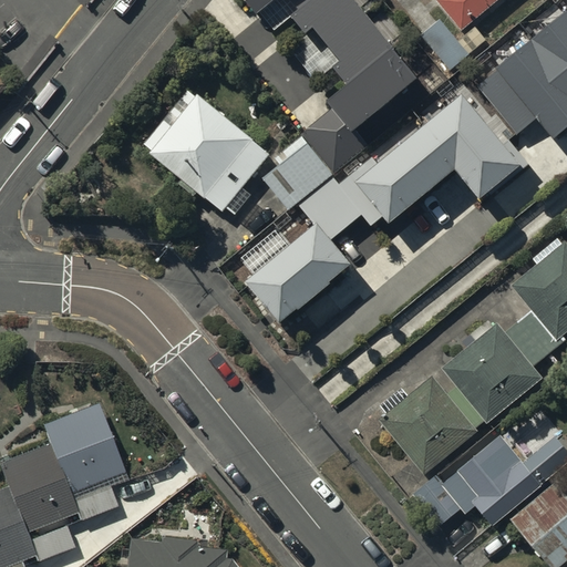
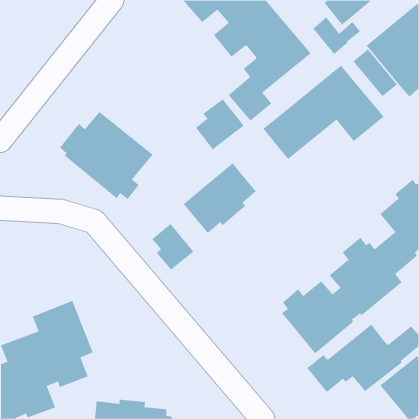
building: [142,91,269,210] -> [59,111,153,200]
building: [300,154,384,239] -> none
building: none -> [152,223,194,271]

